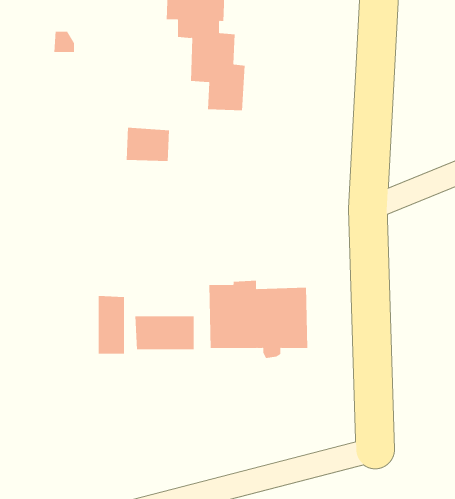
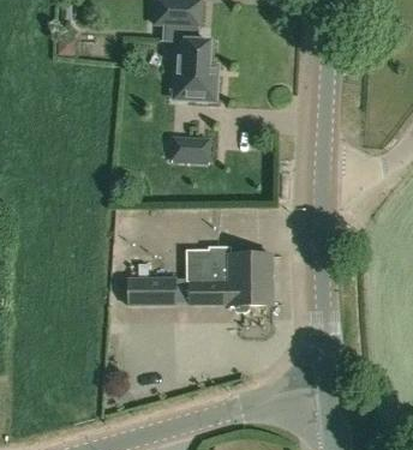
building: [126,127,170,161] -> [170,136,208,164]
building: [98,295,124,355] -> none

